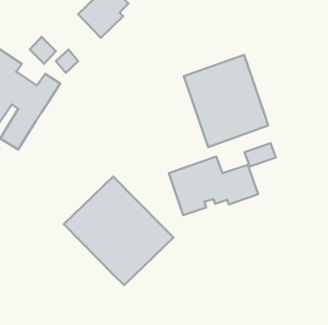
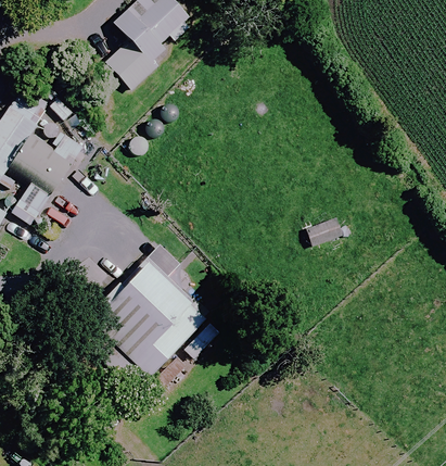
building: [184,55,268,147] -> none
building: [169,157,258,215] -> none

